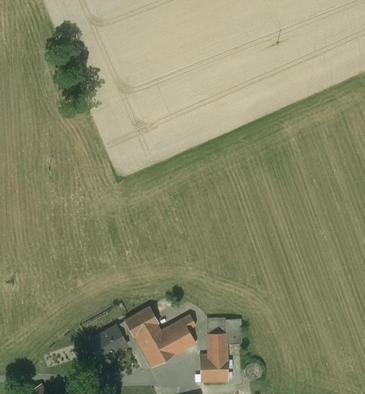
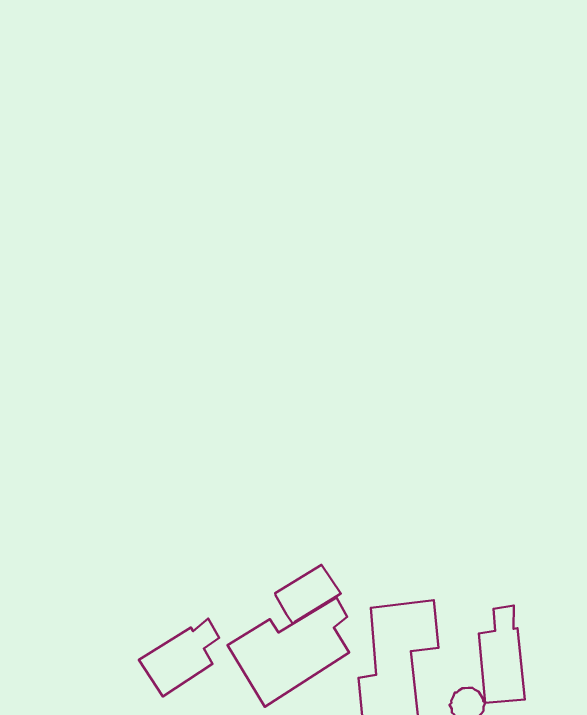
building: [125,307,158,336] -> [275,565,341,624]
building: none -> [479,606,525,703]

